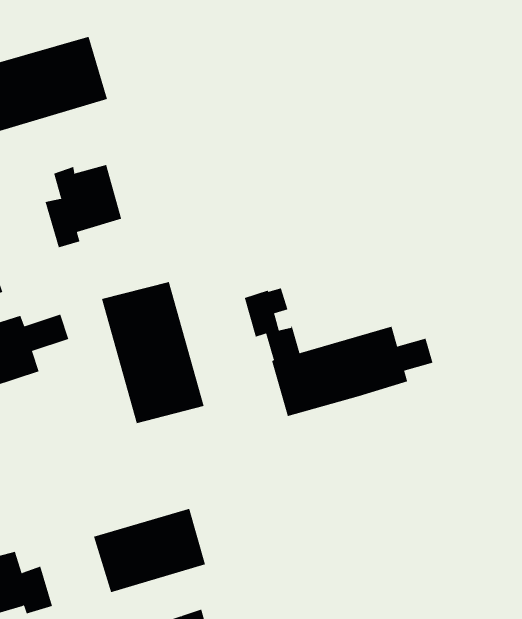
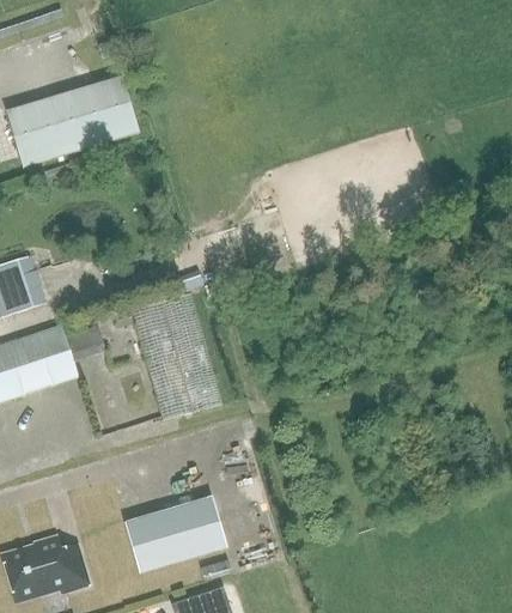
building: [45,164,122,248] -> none
building: [244,287,433,417] -> none

